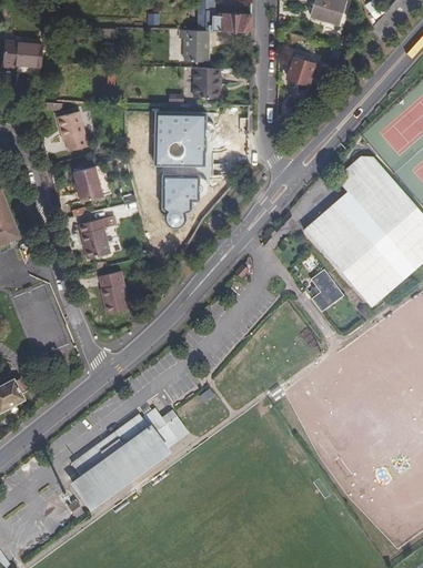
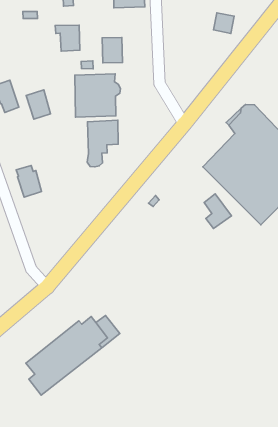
building: [179,28,209,60] -> [55,25,80,51]
building: [288,57,314,83] -> [214,13,234,33]
building: [72,165,101,201] -> [26,90,50,119]
building: [101,270,132,313] -> none

